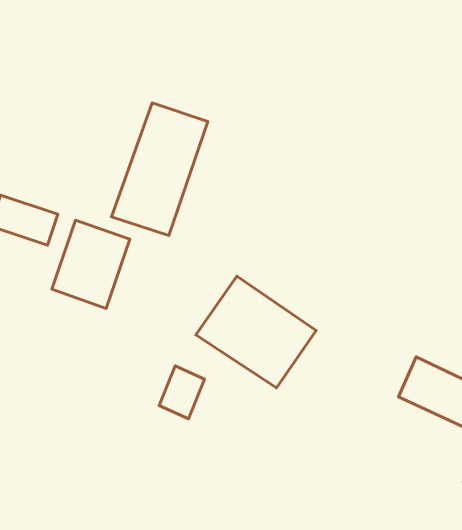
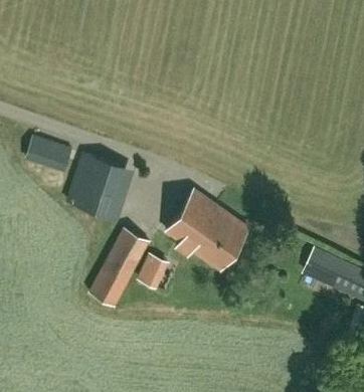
building: [112,103,208,236] -> none
building: none -> [88,229,149,307]

